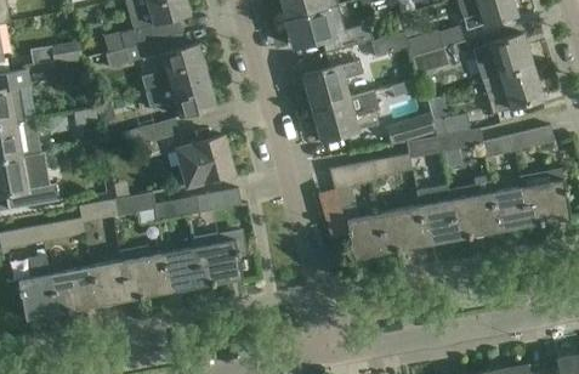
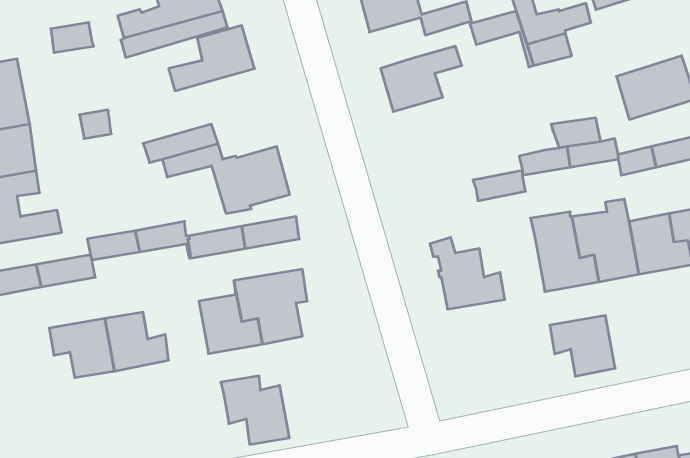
building: [471,33,532,81] -> none
building: [146,75,215,117] -> none
building: [312,90,379,140] -> none
building: [386,112,435,143] -> none
building: [328,160,378,191] -> none
building: [378,205,427,251] -> [550,316,615,376]
building: [119,245,171,298] -> [221,376,289,444]
building: [18,254,69,319] -> none

